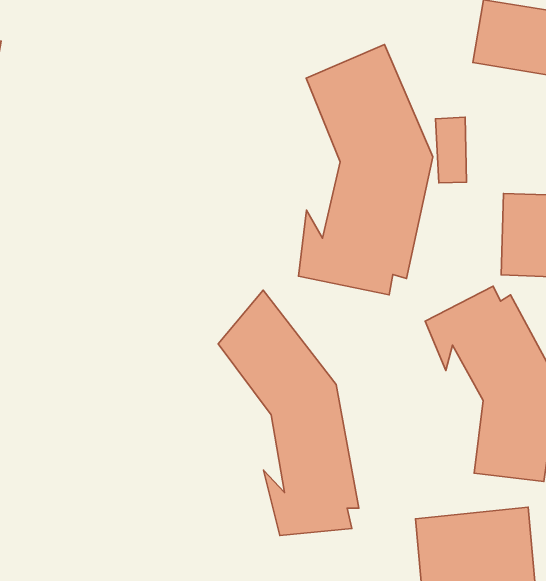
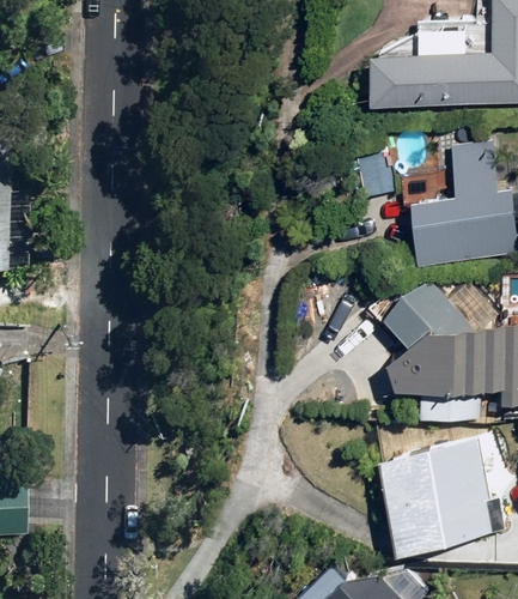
building: [298,45,433,295] -> none
building: [218,290,359,535] -> none

